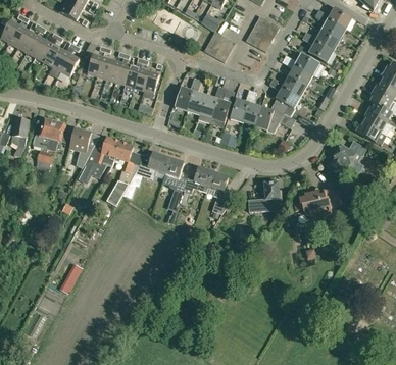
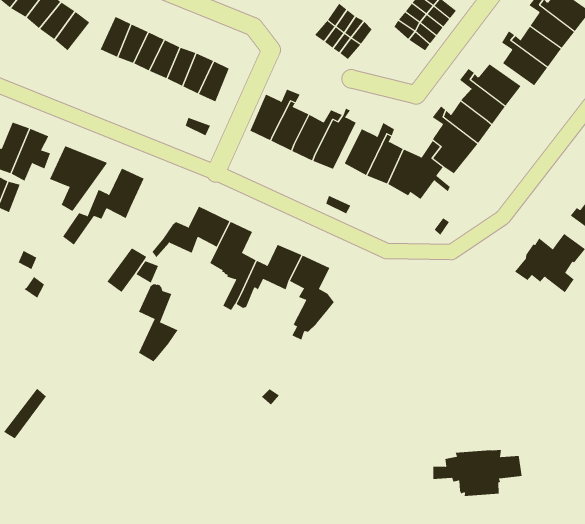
building: [115,141,139,184] -> [138,284,179,362]
building: [248,180,282,211] -> none
building: [293,189,343,217] -> [432,449,522,497]

